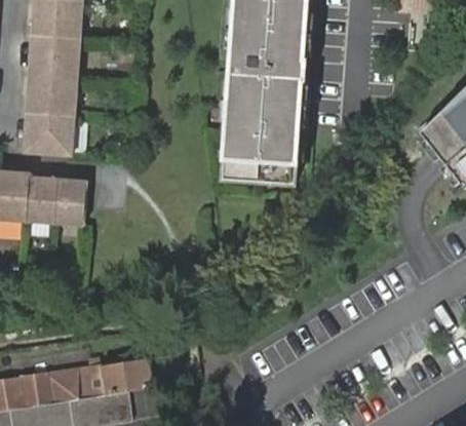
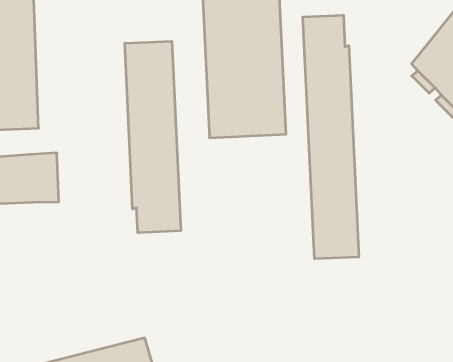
building: none -> [303,15,359,259]
building: none -> [125,41,181,233]

